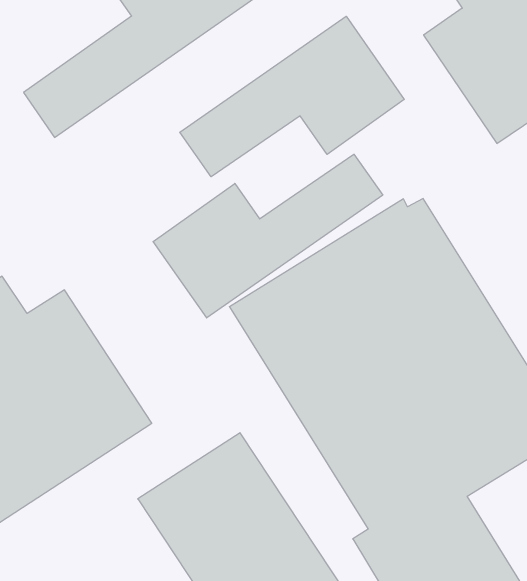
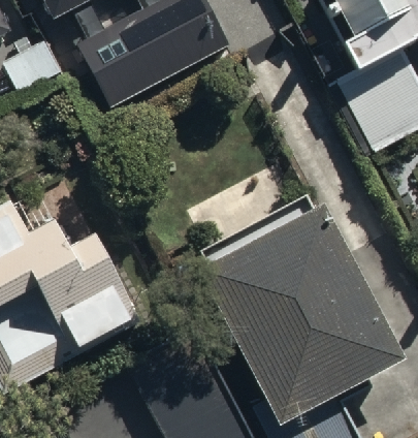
building: [180,16,404,177] -> none
building: [153,154,383,318] -> none

